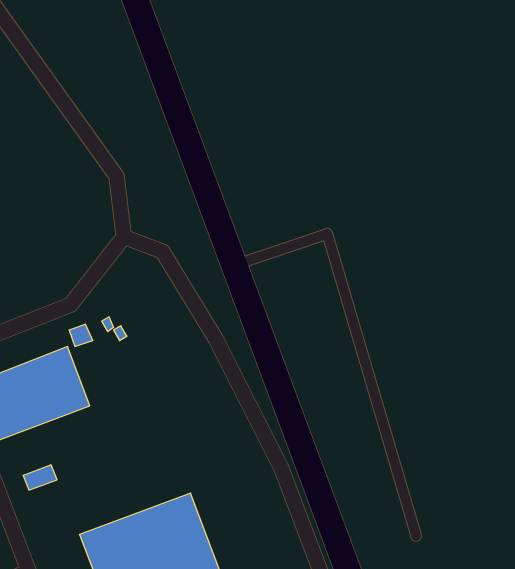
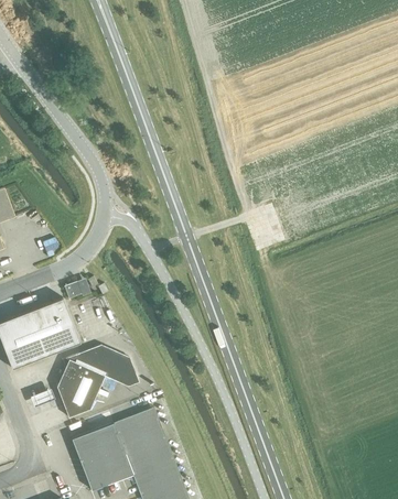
building: none -> [56,345,139,417]

